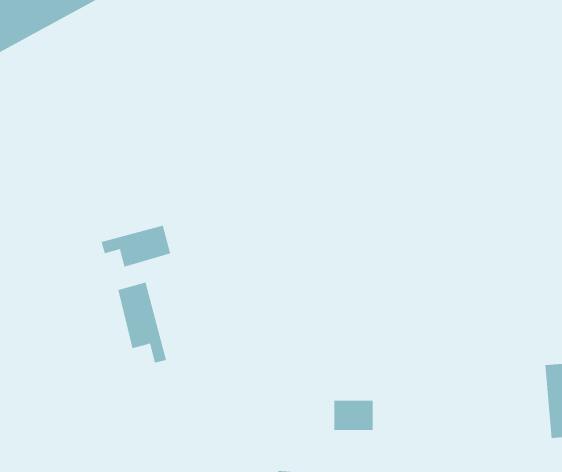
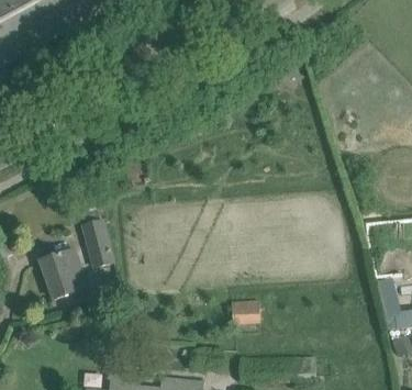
building: [101,225,171,267] -> none
building: none -> [40,248,87,299]

